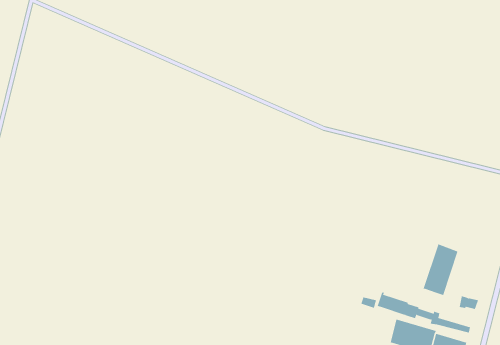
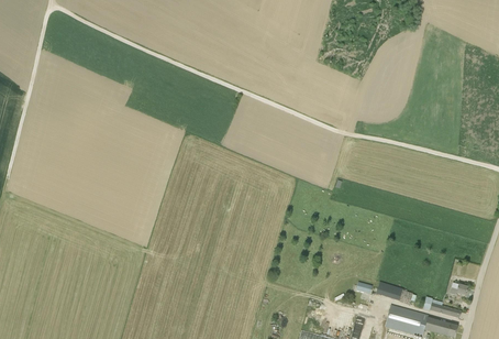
building: [423,243,458,296] -> none

